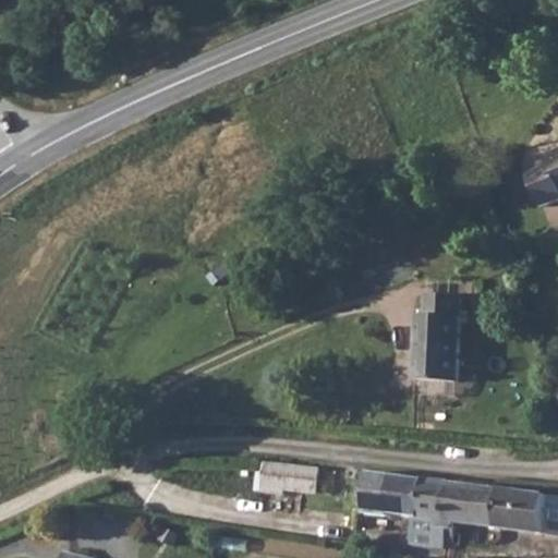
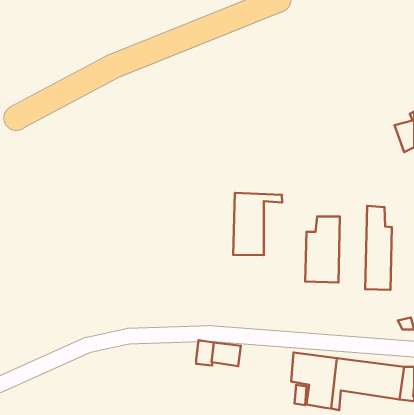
building: none -> [233,193,282,255]
building: none -> [365,206,392,290]
building: [367,470,393,514] -> none

